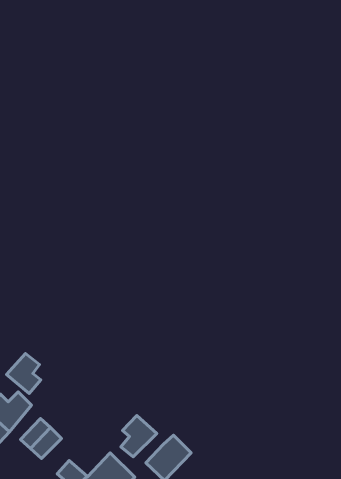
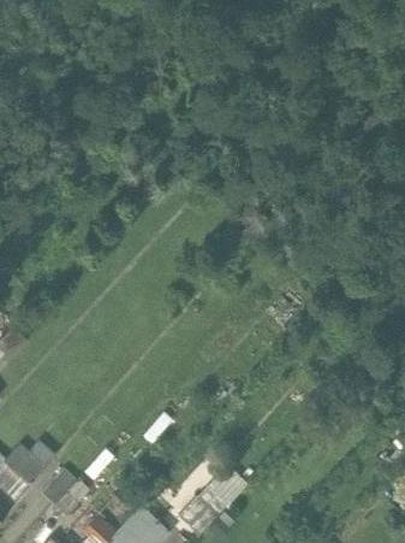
building: [6,354,41,393] -> none
building: [121,415,157,457] -> none

